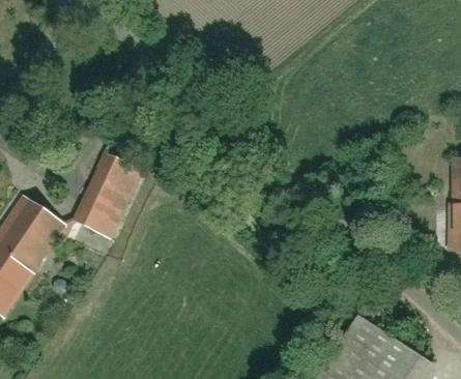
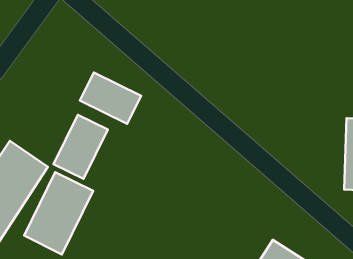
building: none -> [80,72,141,124]
building: none -> [24,172,93,254]

